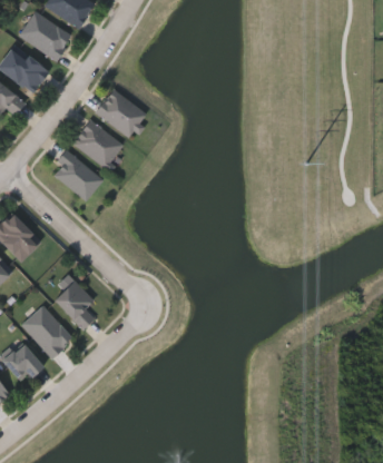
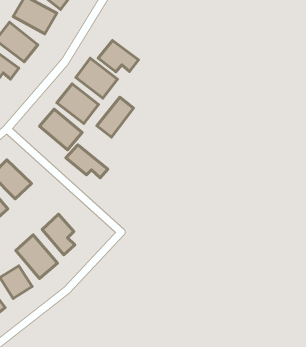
building: none -> [98,41,139,72]
building: none -> [97,97,134,137]
building: none -> [66,145,108,178]

